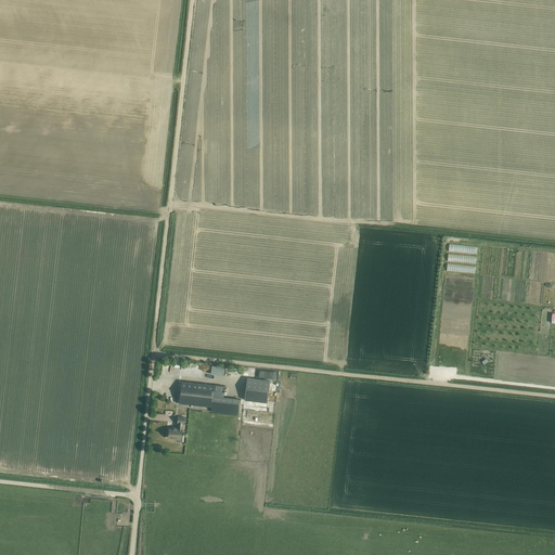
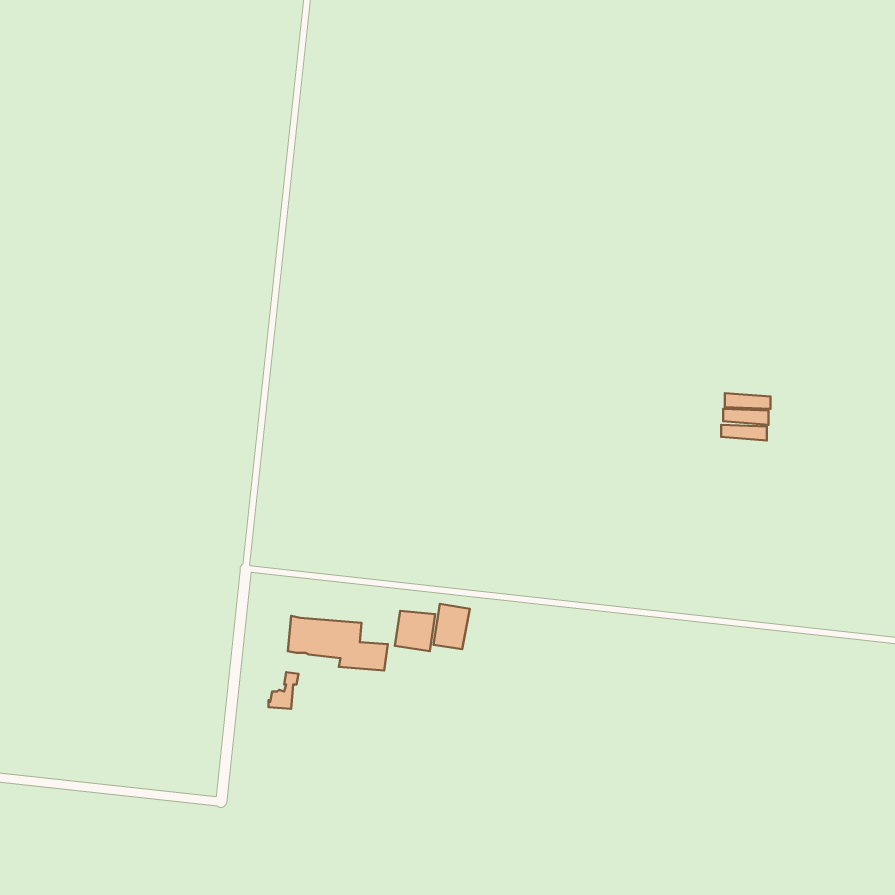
building: none -> [434,604,470,649]

